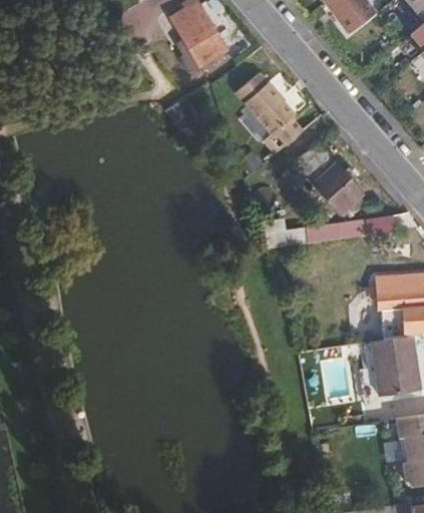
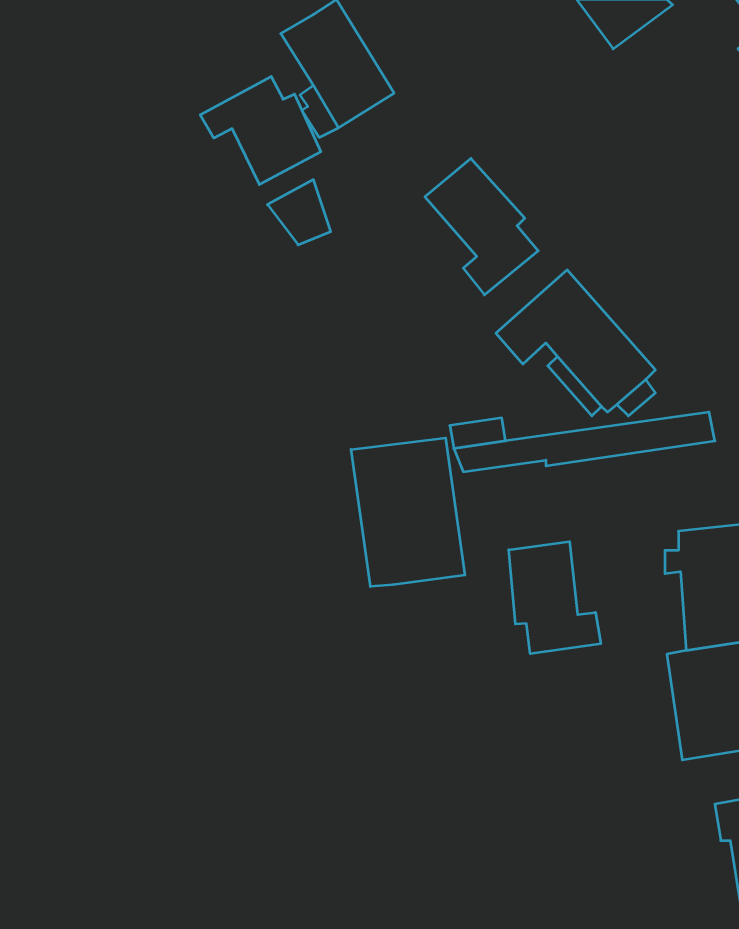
building: none -> [200,76,321,185]
building: none -> [351,438,465,587]
building: none -> [509,542,601,654]

